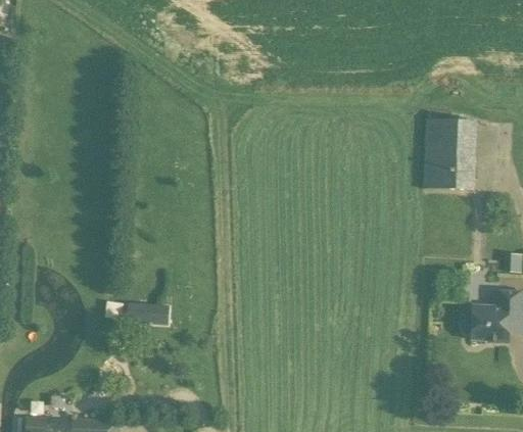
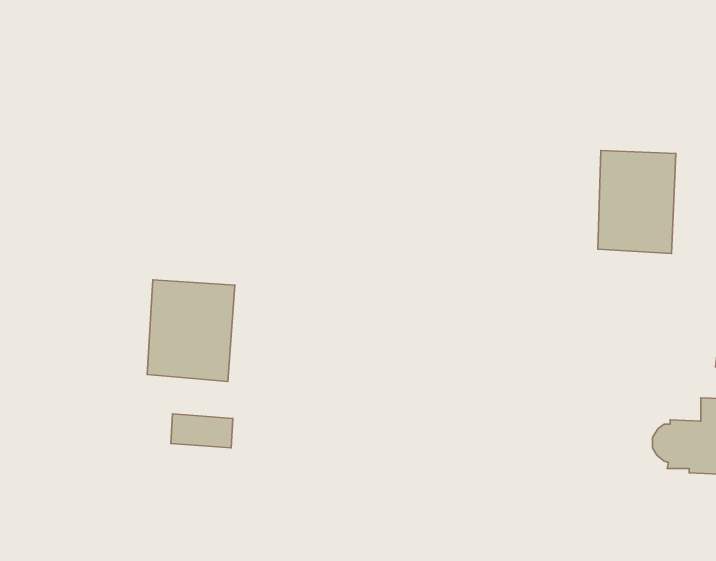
building: none -> [147,280,235,381]

